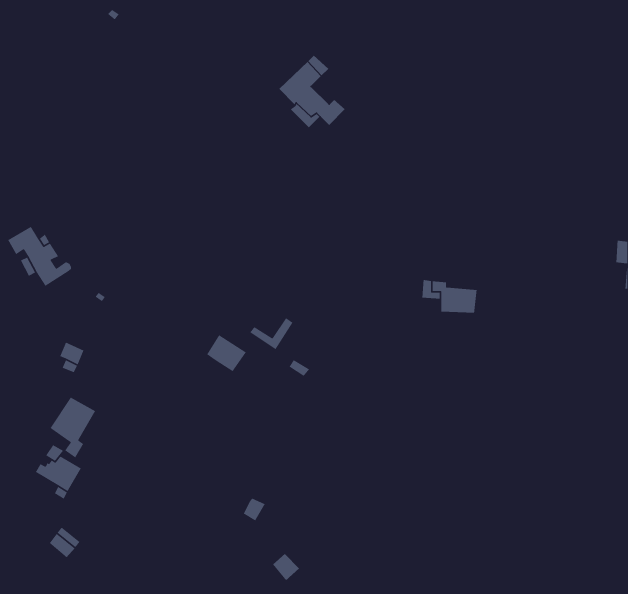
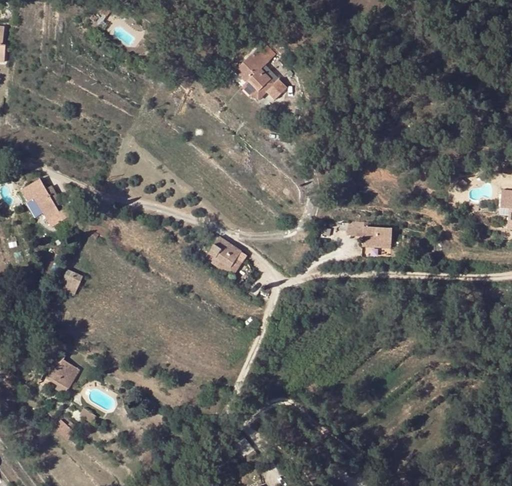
building: [206,334,247,372] -> [209,237,241,267]
building: [50,396,96,458] -> none

